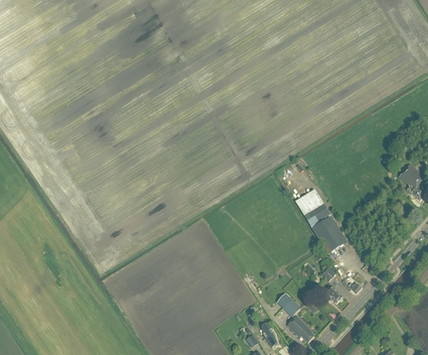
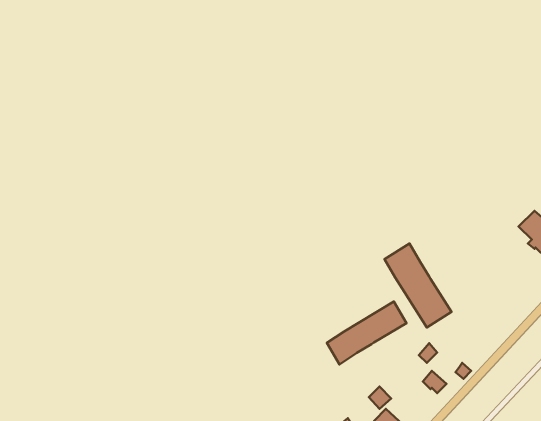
building: none -> [327,302,407,364]

